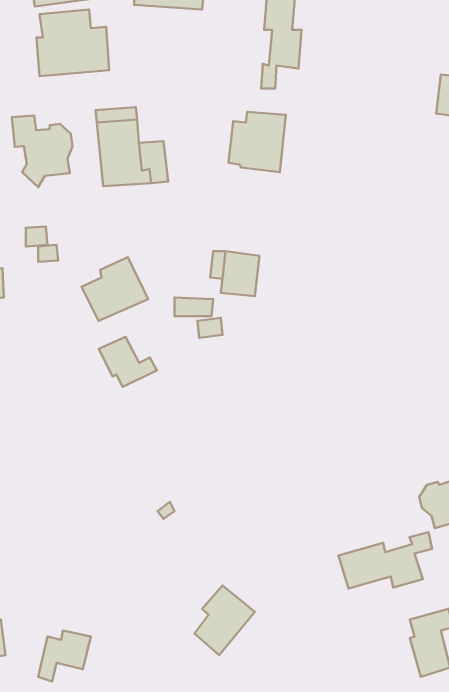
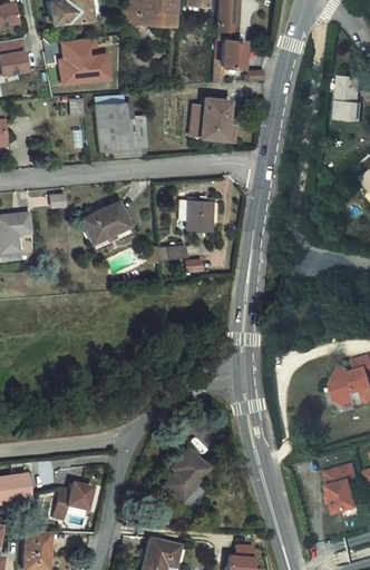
building: [12,116,72,187] -> none
building: [99,337,157,387] -> none
building: [338,532,432,589] -> none

